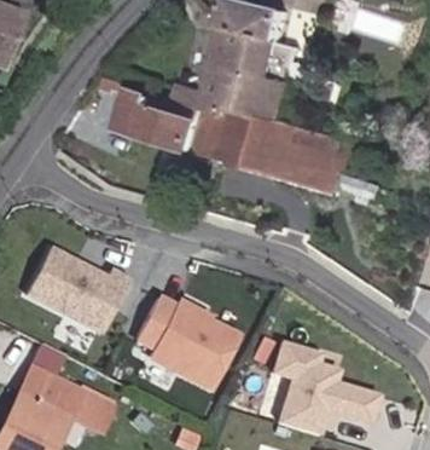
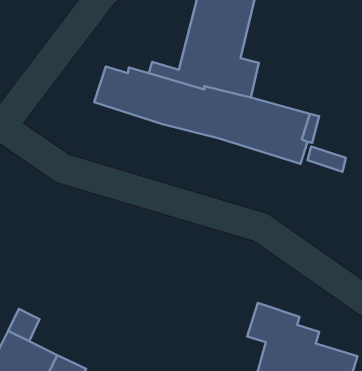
building: [29,243,138,334] -> none
building: [136,290,245,390] -> none

